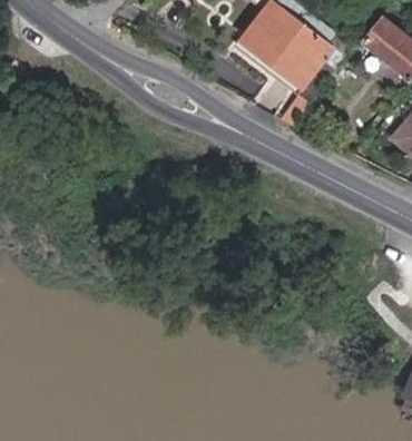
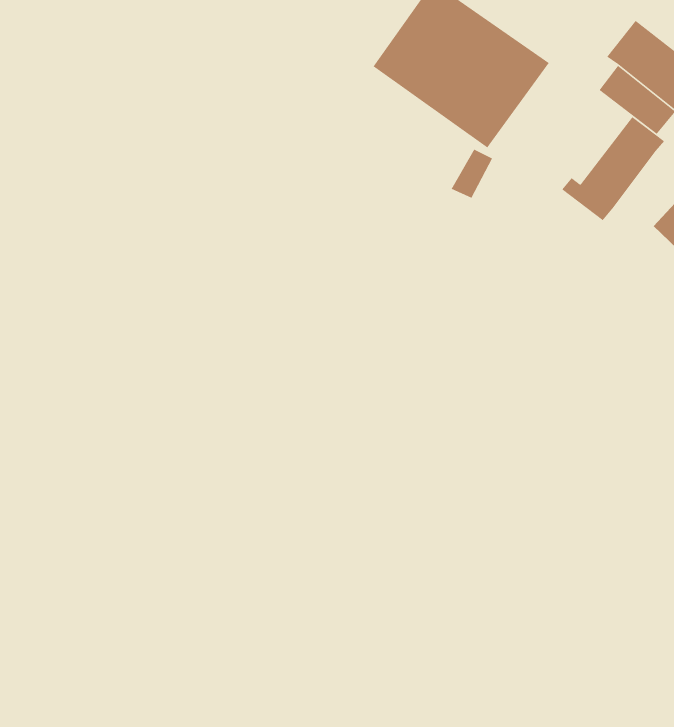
building: none -> [561,116,665,221]

